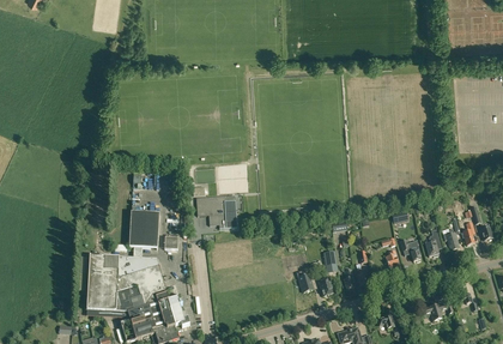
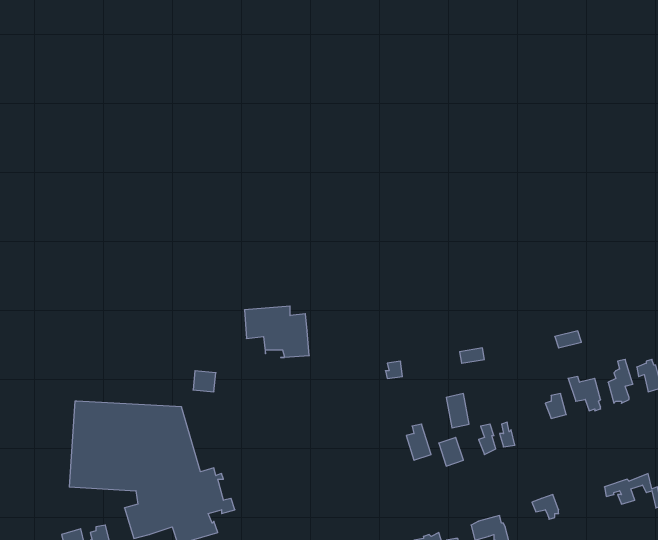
building: [129,211,159,248] -> none

